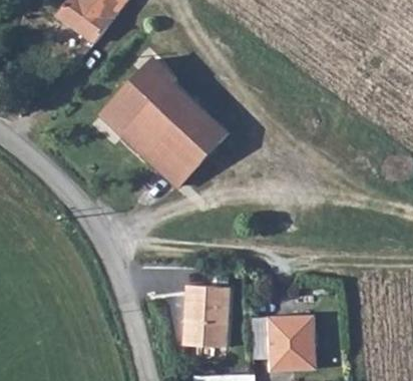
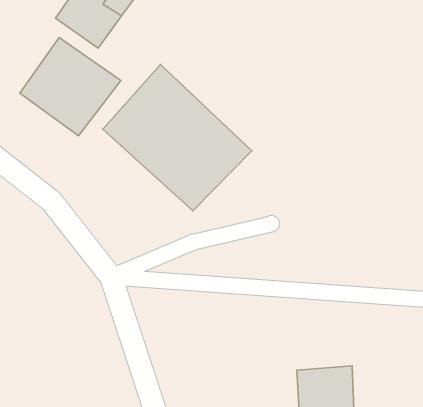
building: none -> [20,37,121,136]
building: [184,287,235,350] -> none

